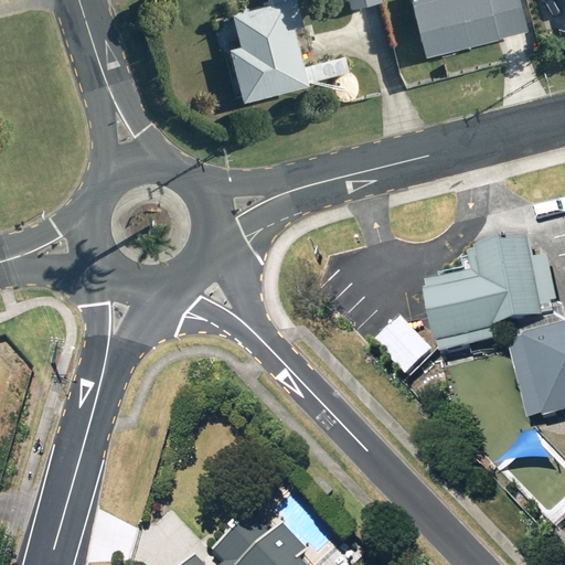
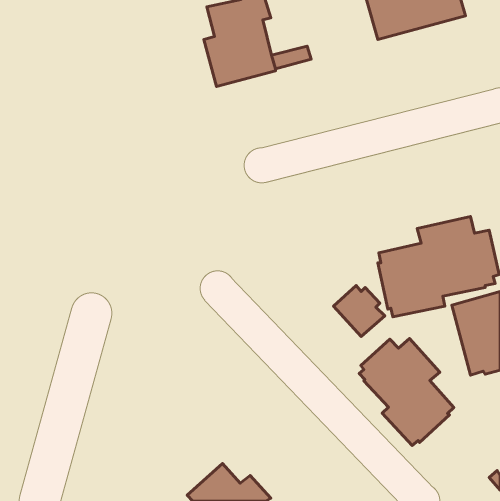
building: none -> [359,339,454,446]

